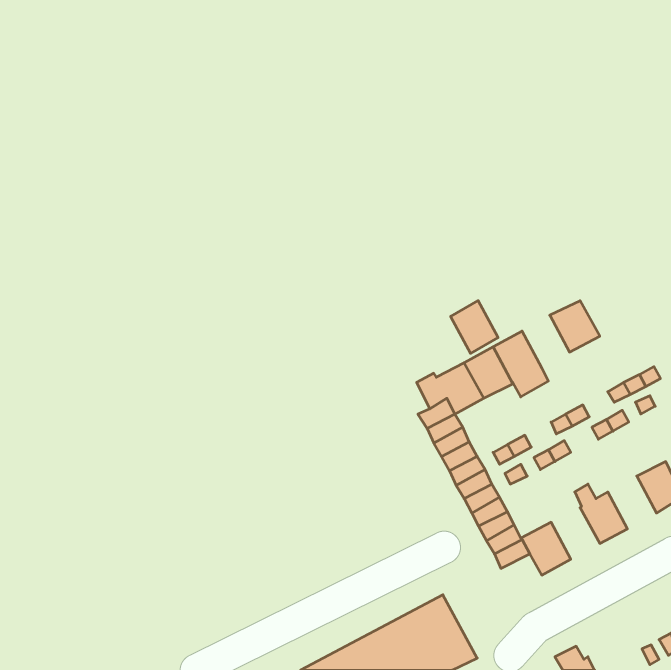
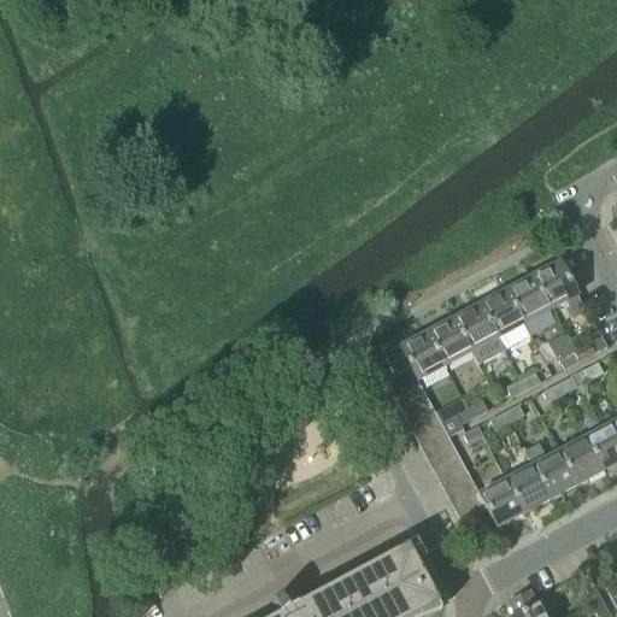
building: none -> [533,259,584,312]
building: [451,301,498,353] -> [480,288,523,336]
building: none -> [558,435,603,483]
building: none -> [506,464,551,511]

